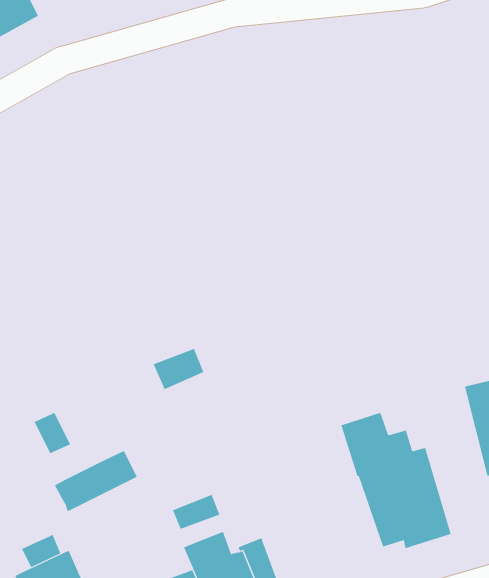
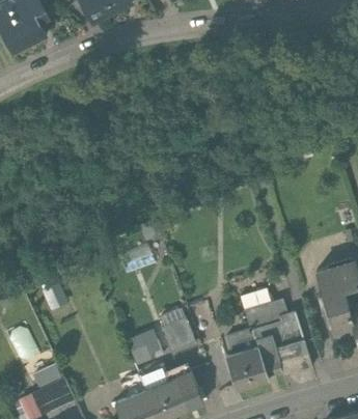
building: [54,450,138,512] -> none
building: none -> [160,319,194,353]
building: none -> [225,332,268,391]

